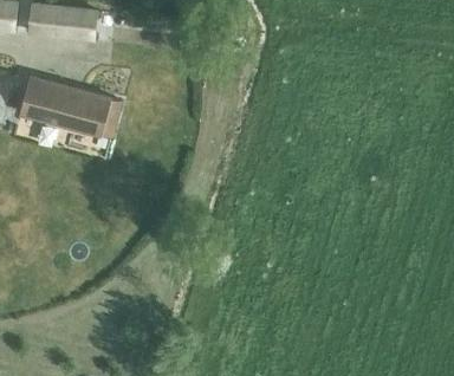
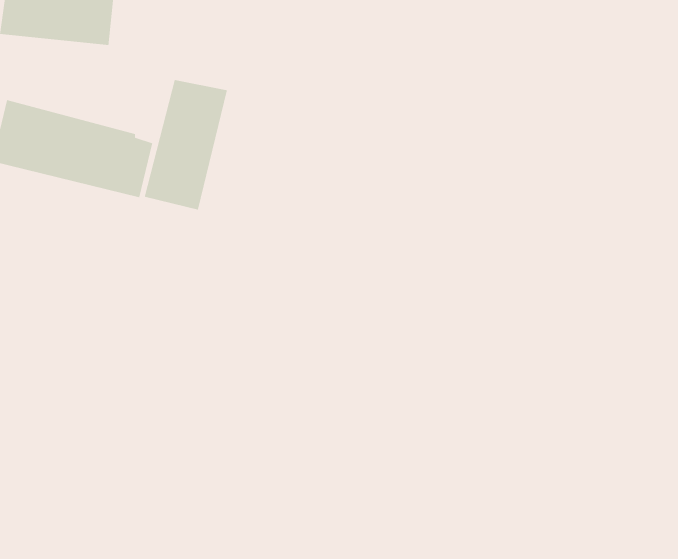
building: none -> [144,79,228,211]

